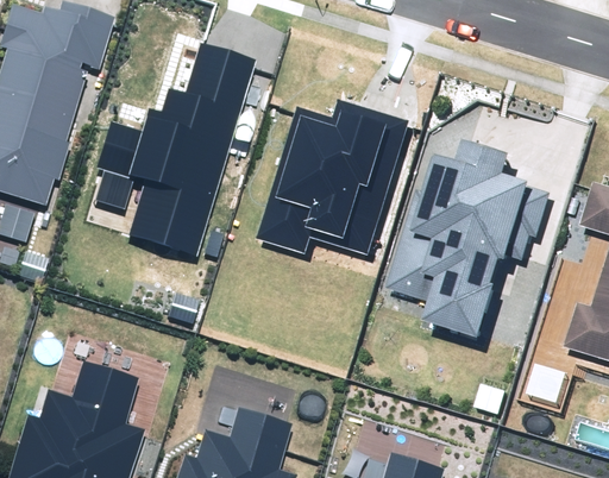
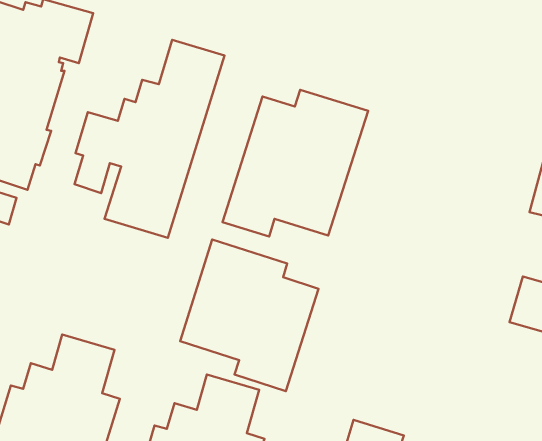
building: [383,139,548,337] -> none
building: none -> [180,239,319,391]

